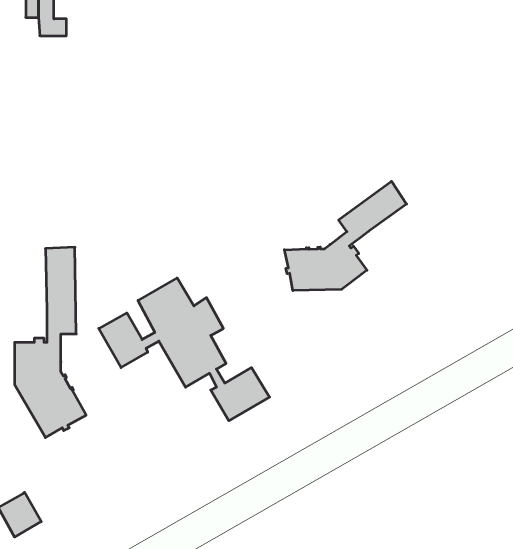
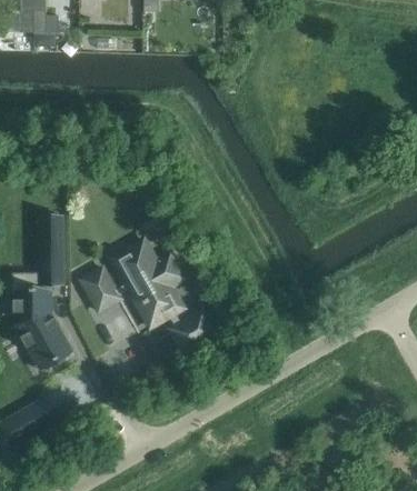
building: [284,181,407,291] -> none

